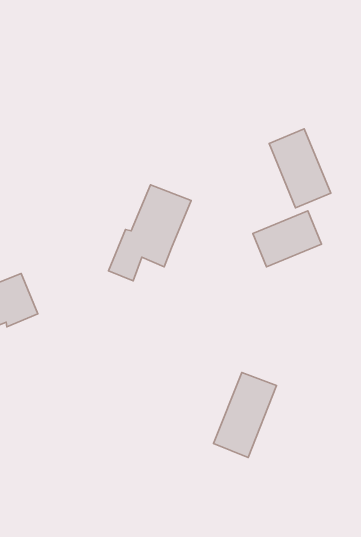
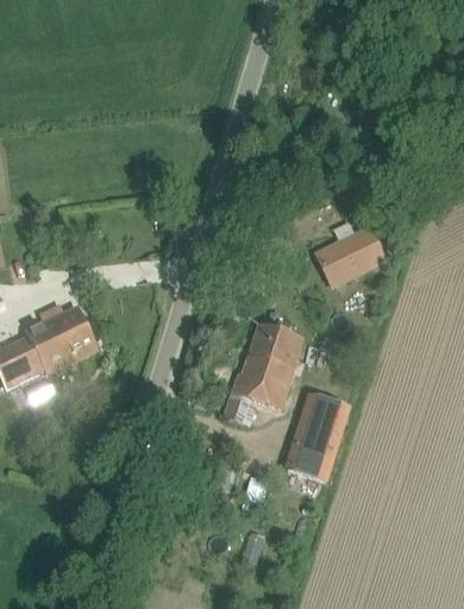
building: [269,129,331,208] -> none
building: [108,185,191,281] -> [224,324,303,423]

